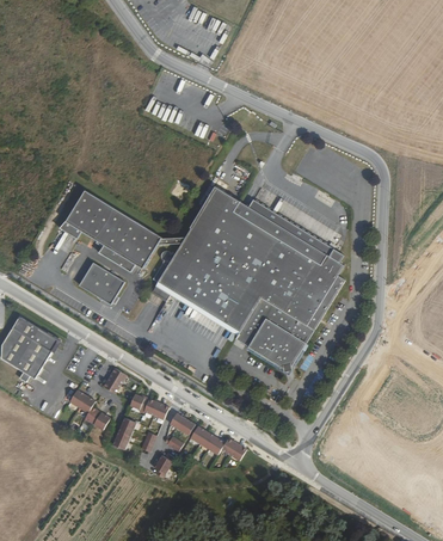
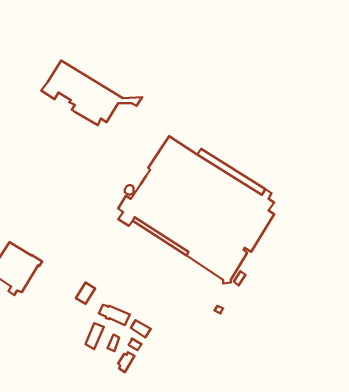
building: [62,190,187,270] -> [41,61,142,125]
building: [81,260,127,301] -> none
building: [67,391,107,430] -> none
building: [189,426,245,461] -> none

